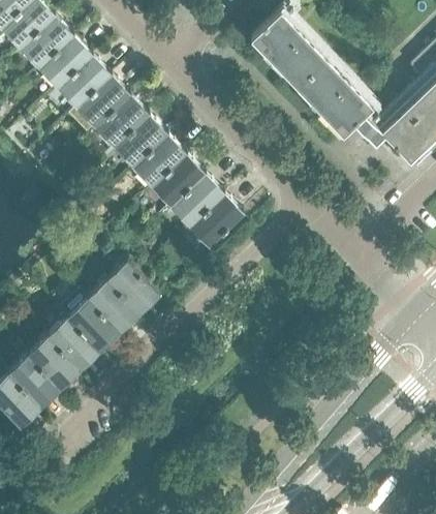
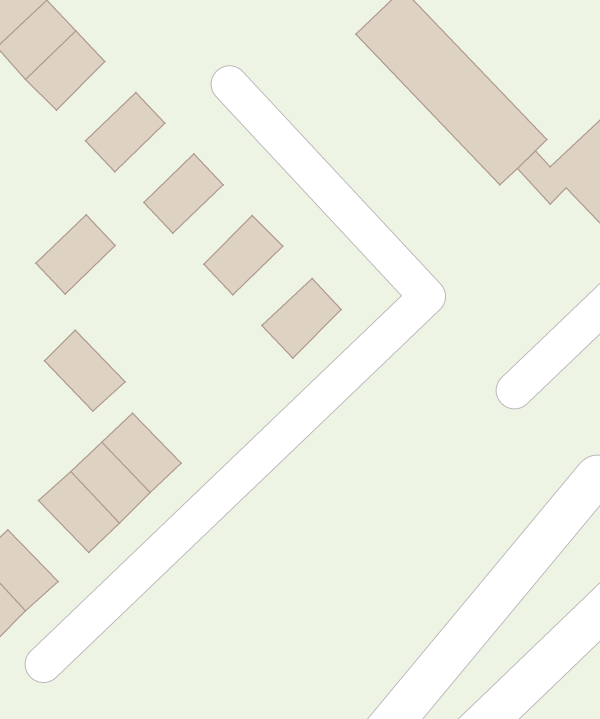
building: [60,58,111,109] -> none
building: [97,97,148,148] -> [36,215,115,294]
building: [134,137,185,187] -> none
building: [173,176,223,226] -> none
building: [108,263,160,314] -> [44,330,125,411]
building: [29,338,81,390] -> none

